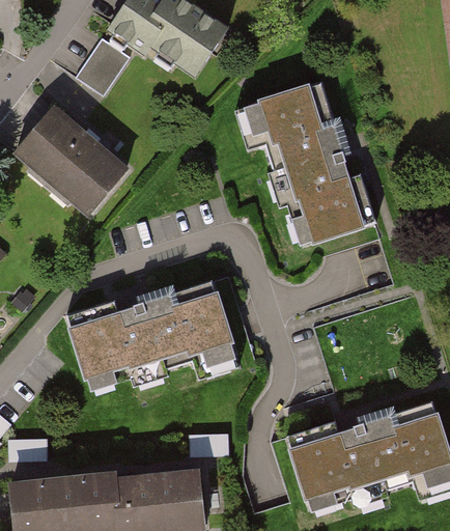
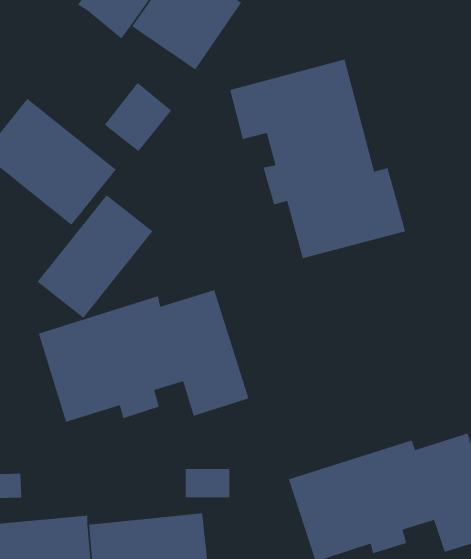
building: [77,34,136,95] -> [104,82,172,152]
building: none -> [36,194,153,319]

